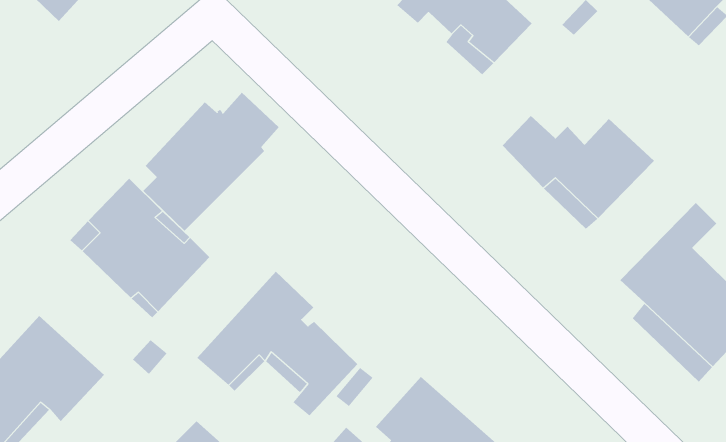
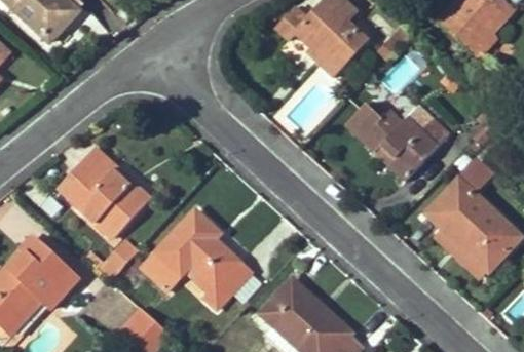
building: [142,92,280,232] -> none

